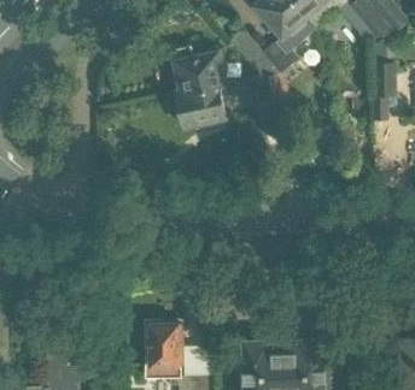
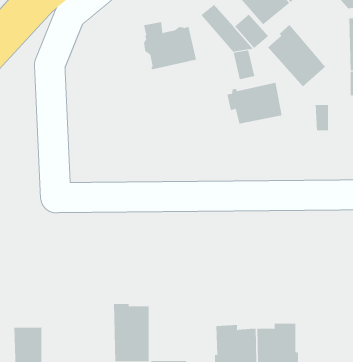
building: none -> [267,24,326,87]
building: [171,87,226,128] -> [226,82,282,124]

